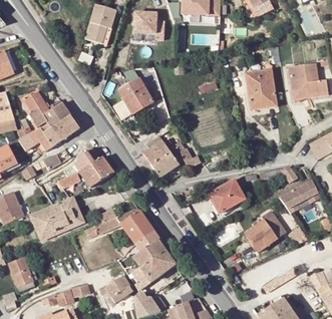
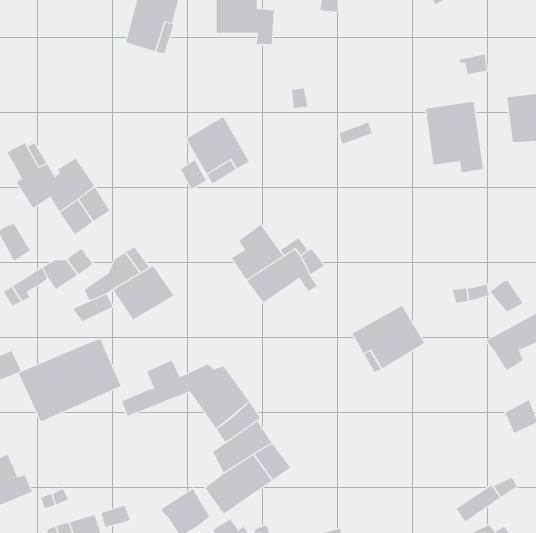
building: [30,123,59,150] -> none
building: [245,210,286,252] -> none

